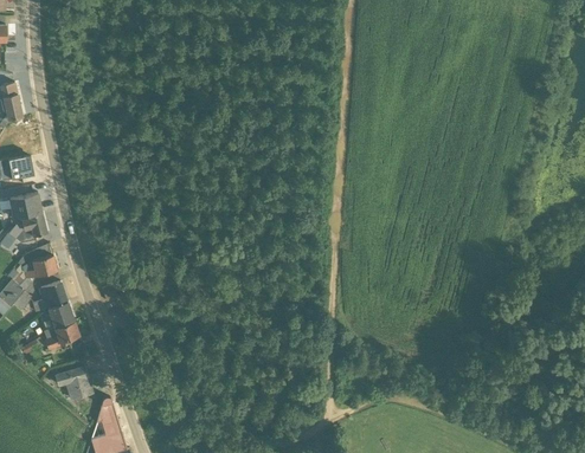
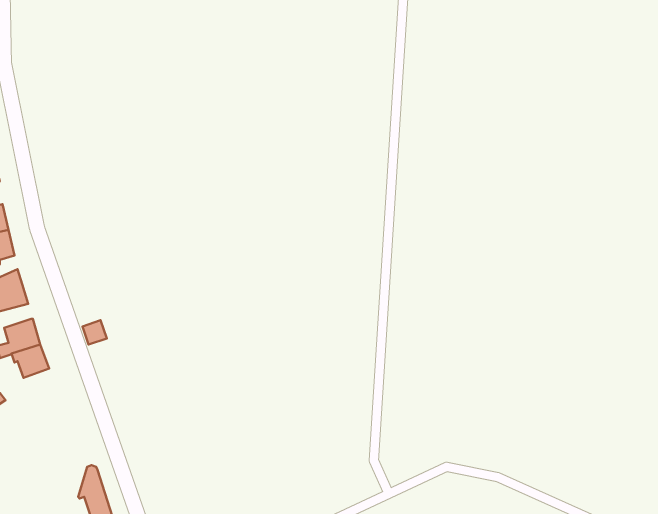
building: [44,322,78,350] -> none
building: [54,367,94,401] -> none

